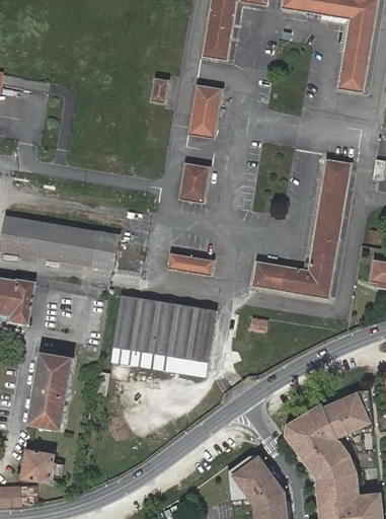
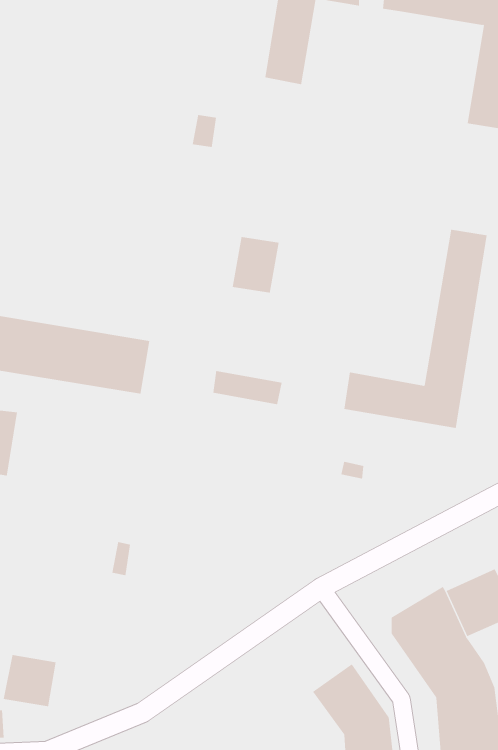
building: [186,84,221,137] -> none
building: [112,292,217,374] -> none
building: [28,352,76,431] -> none

